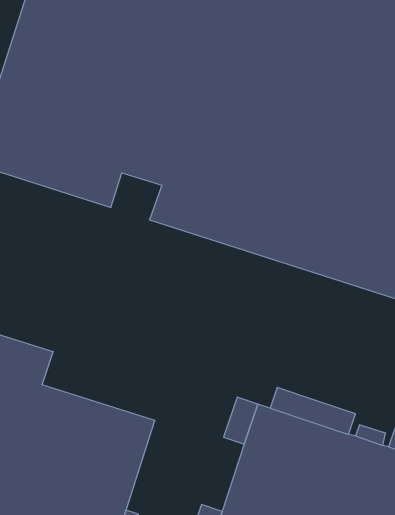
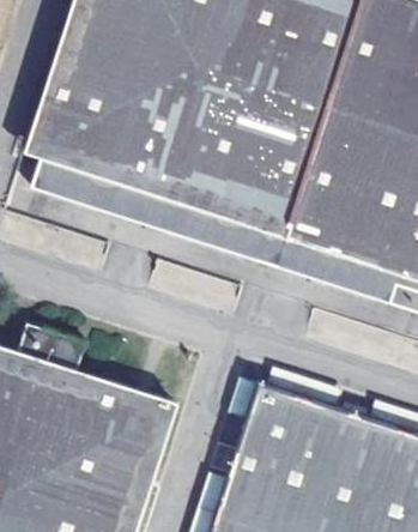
building: none -> [138,188,182,229]

